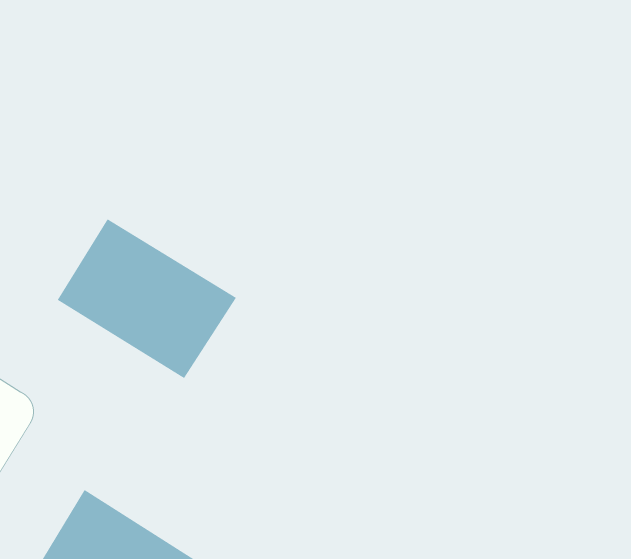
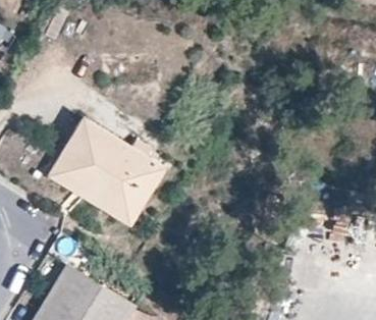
building: none -> [48,165,163,229]

